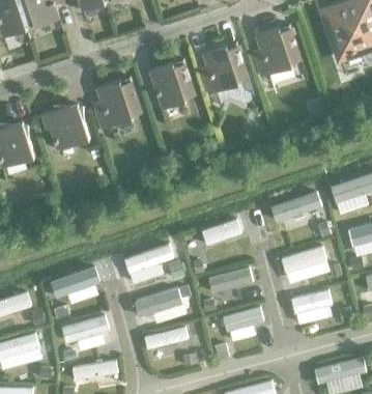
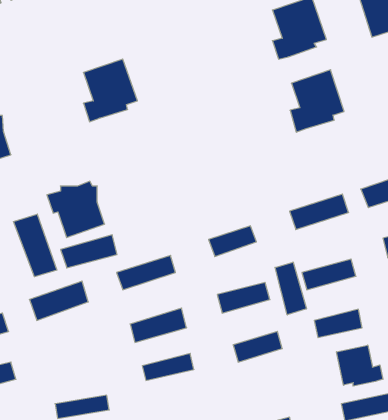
building: [201,43,247,95] -> [290,70,344,132]
building: [149,60,194,110] -> none
building: [40,104,89,151] -> [47,181,105,238]
building: none -> [14,214,57,277]
building: none -> [275,262,306,315]
building: [61,314,109,342] -> [61,235,117,268]
building: none -> [337,345,383,386]

